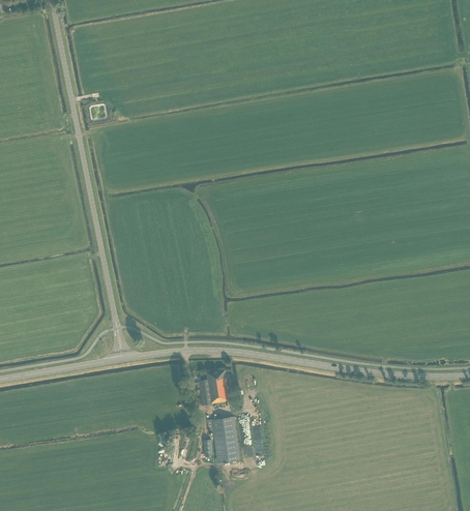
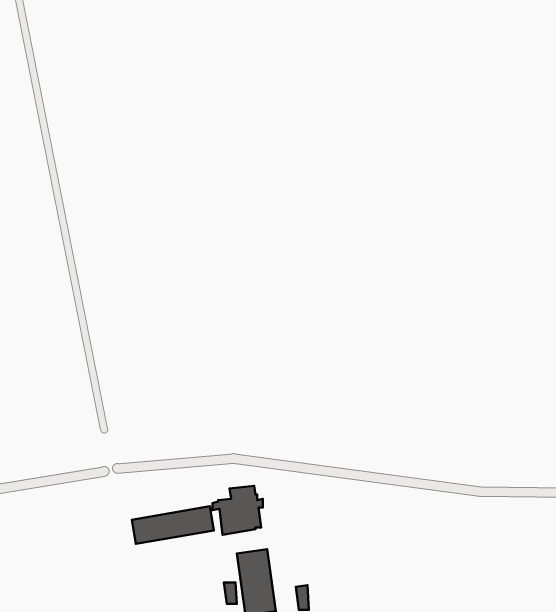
building: none -> [132,506,214,544]

